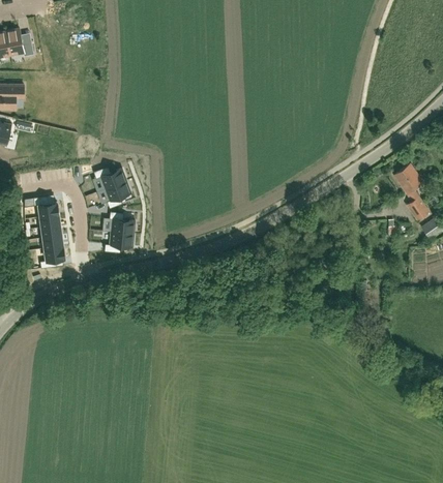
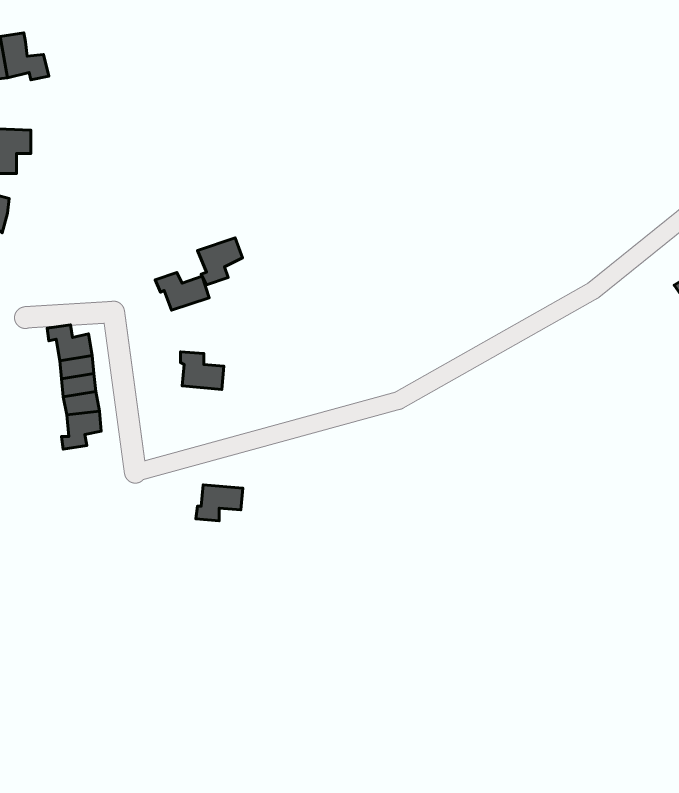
building: [105,181,130,208] -> [197,238,243,285]
building: [107,232,134,252] -> [196,485,243,521]

